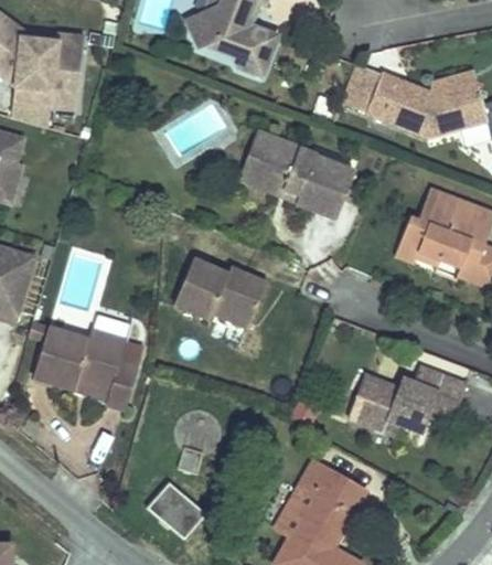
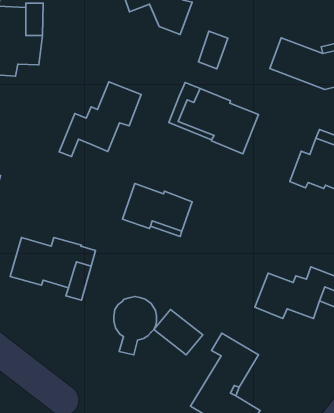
building: [344,65,382,113] -> [198,31,228,69]
building: none -> [59,82,141,157]
building: [147,483,208,541] -> [154,310,203,355]

